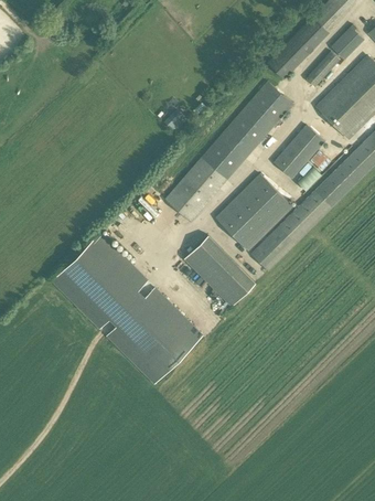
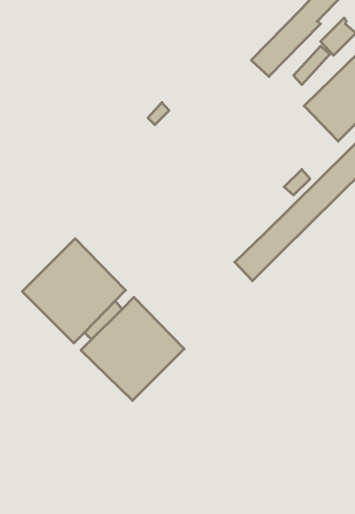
building: [163,82,291,221] -> none
building: [272,126,324,179] -> none
building: [215,174,292,252] -> none
building: [183,235,255,307] -> none

